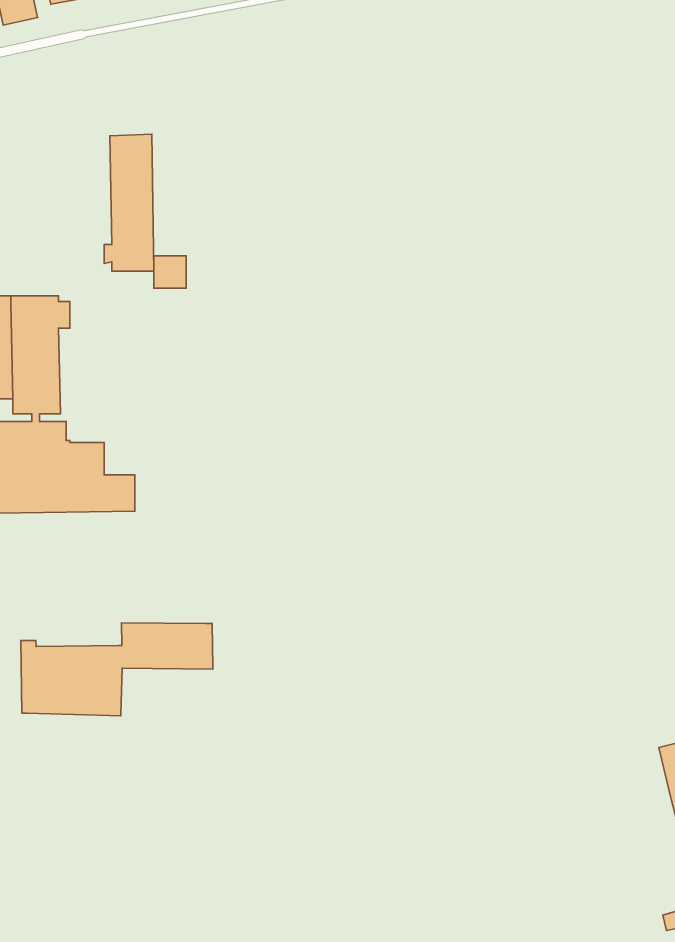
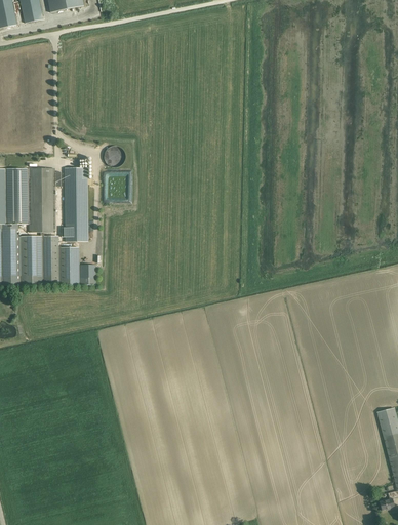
building: [104,134,154,271] -> [61,166,87,240]
building: [21,623,213,716] -> none

